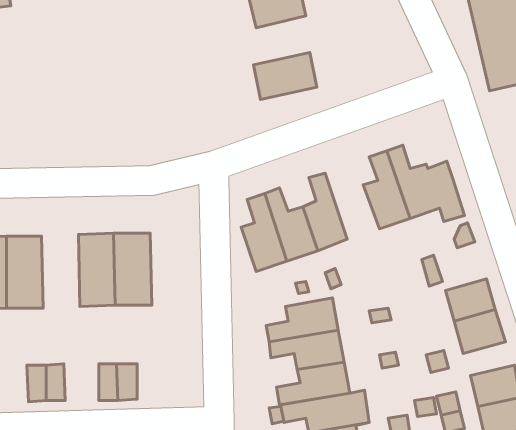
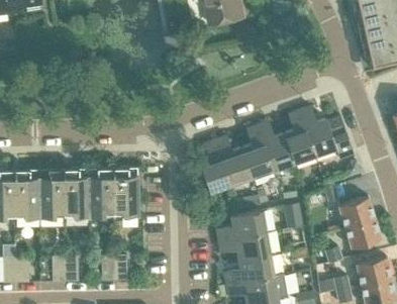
building: [254,52,317,99] -> none
building: none -> [257,121,294,171]
building: none -> [62,168,88,218]

